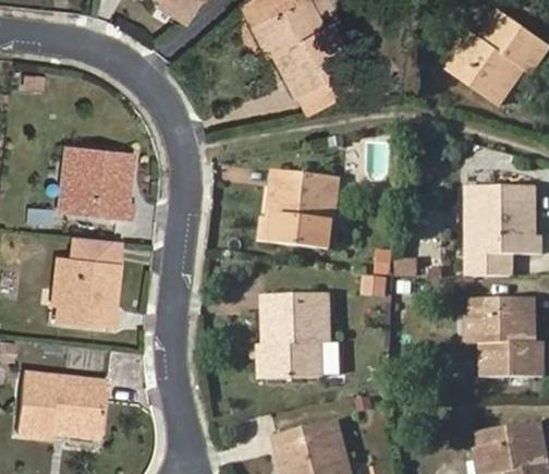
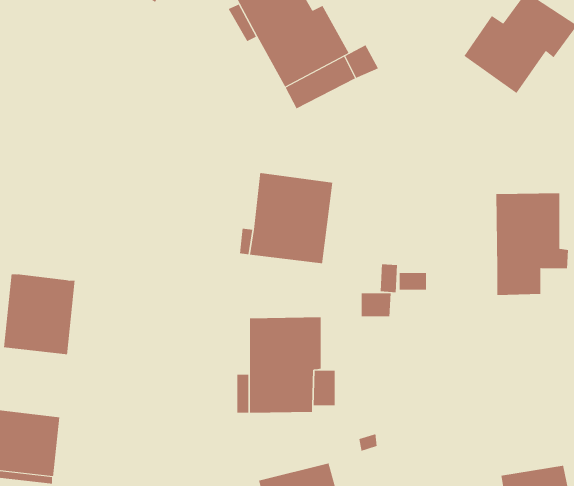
building: [66,146,129,219] -> none
building: [66,236,114,263] -> none
building: [473,297,538,375] -> none

